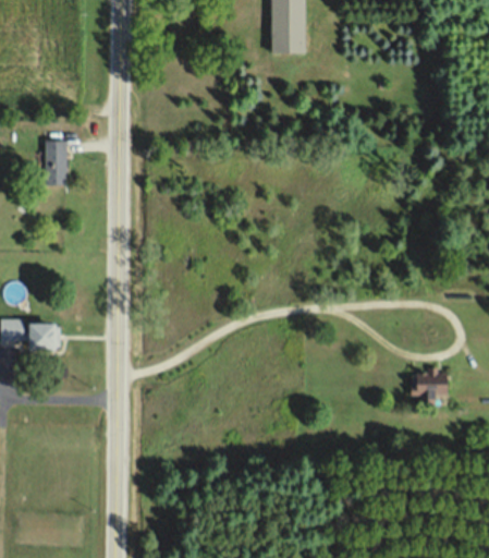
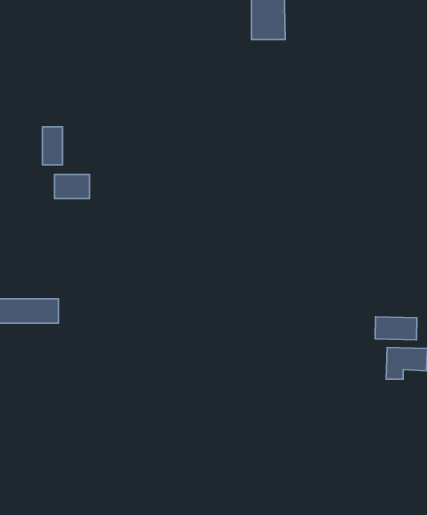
building: none -> [55,175,89,199]
building: none -> [375,317,417,340]

